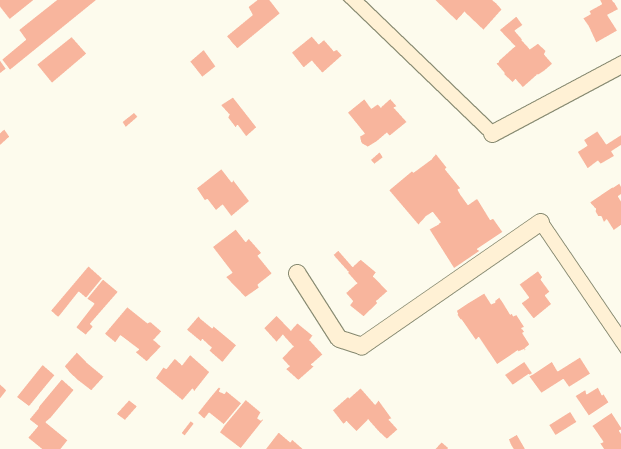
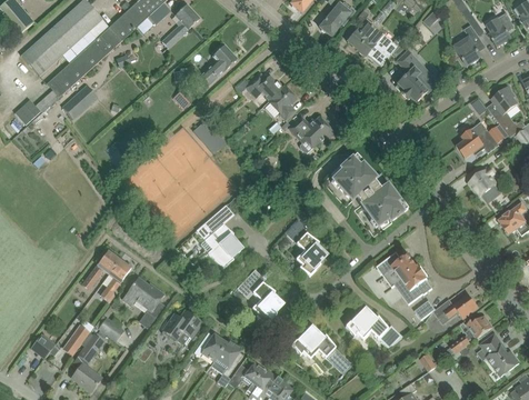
building: none -> [268,86,297,120]
building: [196,168,250,217] -> none
building: [518,270,552,319] -> none
building: [186,315,237,363] -> none
building: none -> [346,309,393,349]

